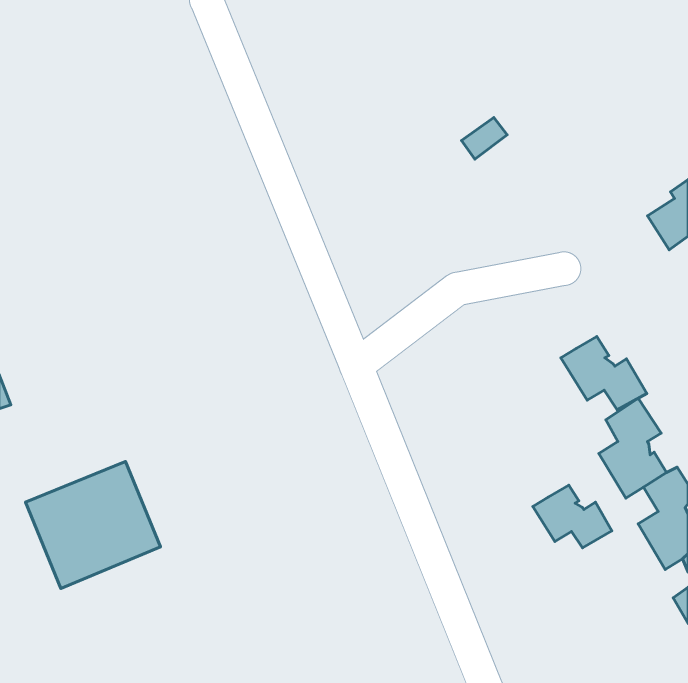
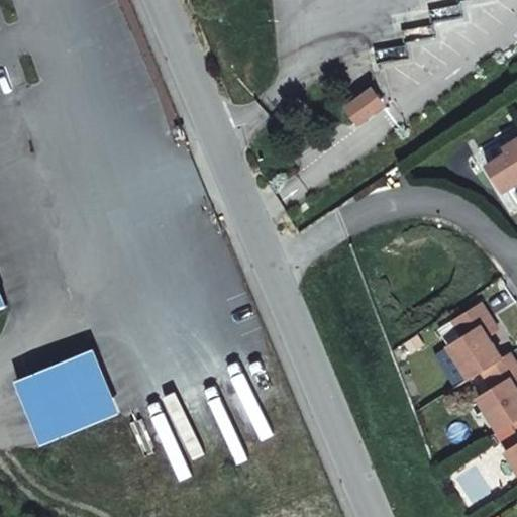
building: [561,337,647,410] -> none
building: [533,485,612,548] -> none

